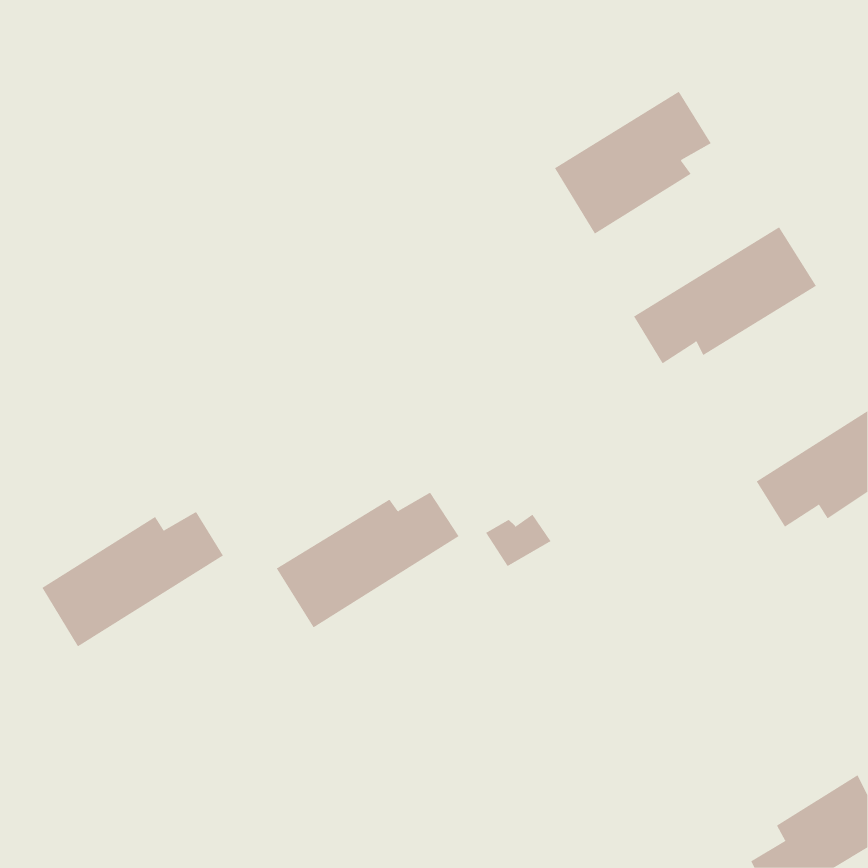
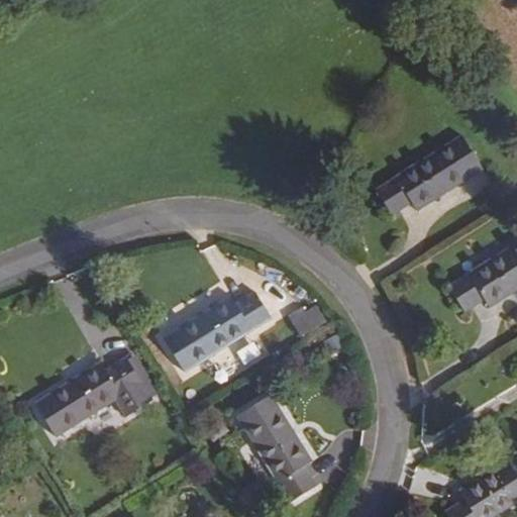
building: [554,91,712,234] -> none
building: [42,511,224,647] -> [34,357,142,438]
building: none -> [236,394,317,503]

